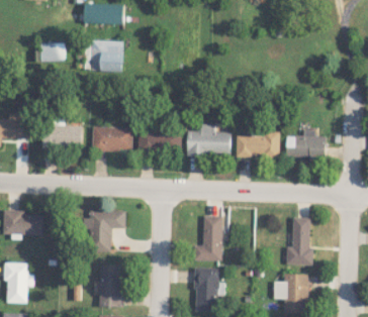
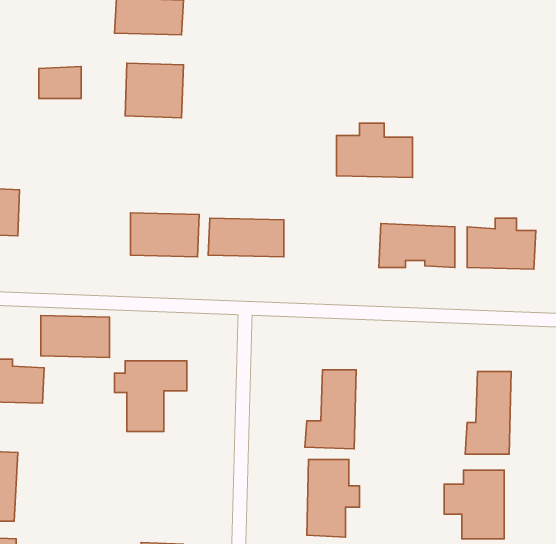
building: [42,124,82,148] -> [41,315,110,358]
building: [187,124,231,155] -> [337,123,412,178]
building: [99,265,123,307] -> none

